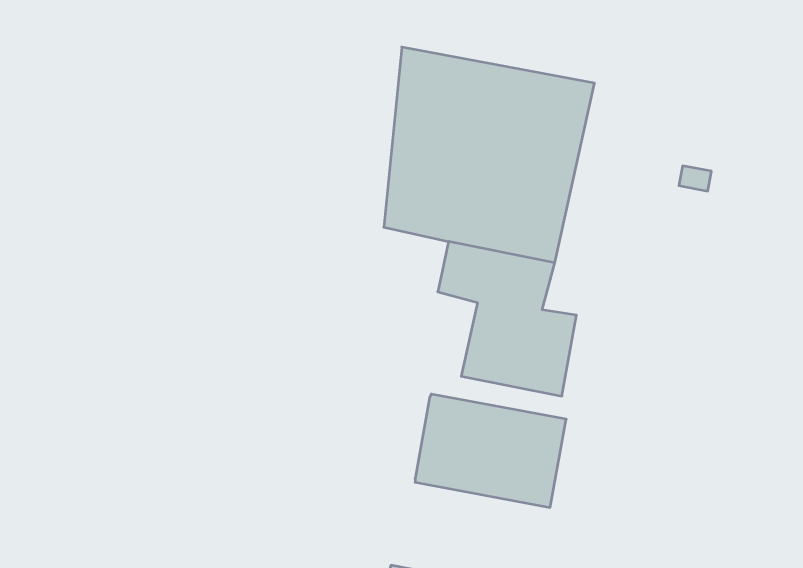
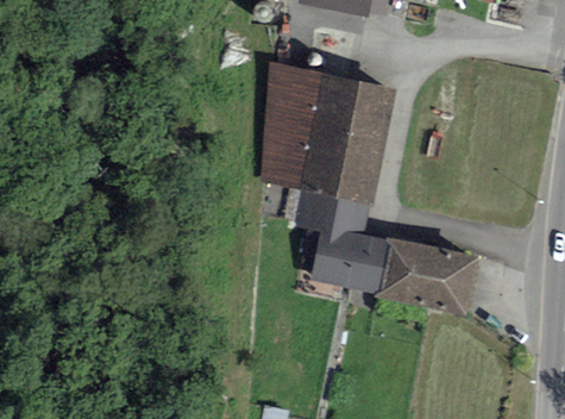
building: [415,394,566,507] -> [376,238,476,313]

